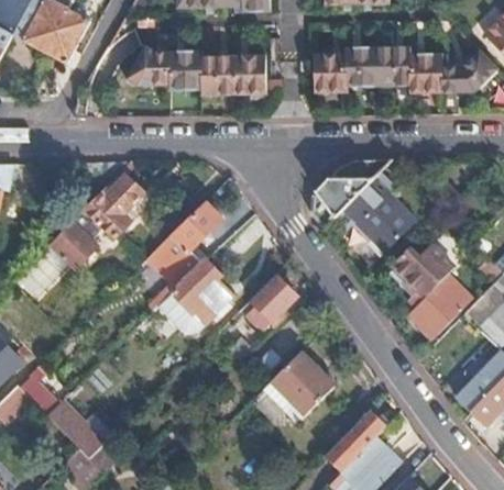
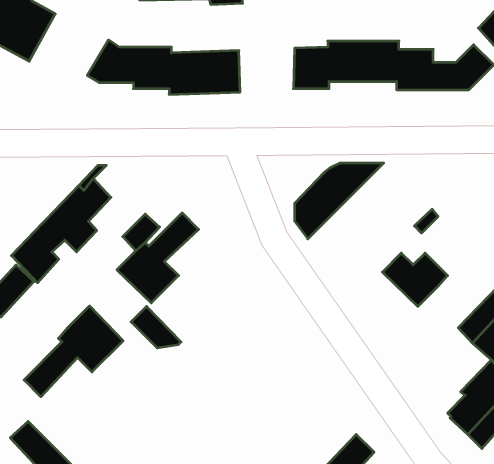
building: [335,175,416,253] -> none
building: [175,259,237,325] -> none
building: [413,274,470,337] -> none
building: [252,276,297,320] -> none
building: none -> [24,306,123,397]
building: [252,354,335,423] -> none

